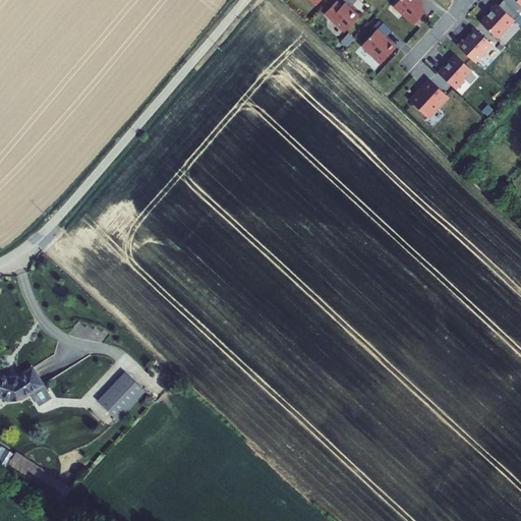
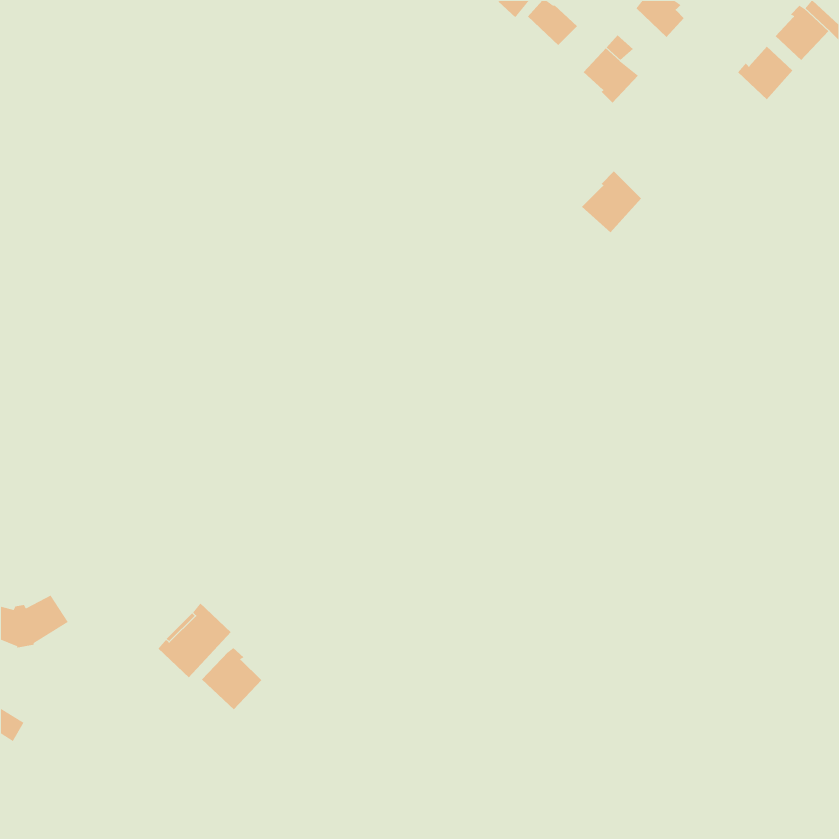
building: [437,55,471,90] -> none
building: [409,78,447,117] -> [581,171,642,233]
building: none -> [201,647,262,710]

